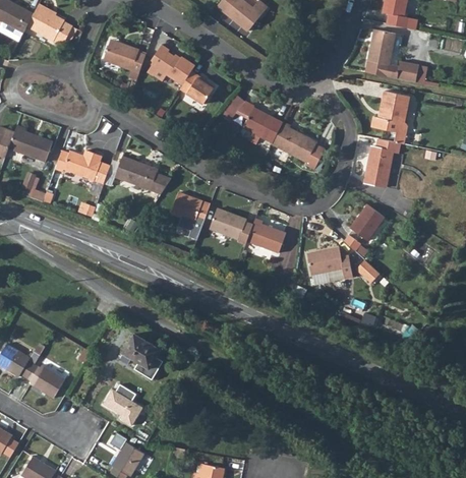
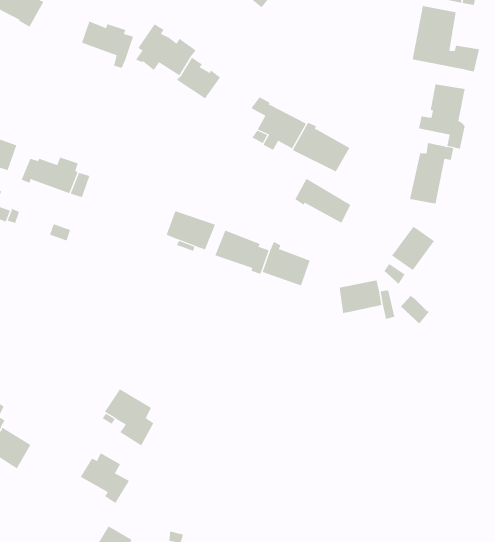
building: [114,156,171,193] -> none
building: none -> [295,178,351,224]

